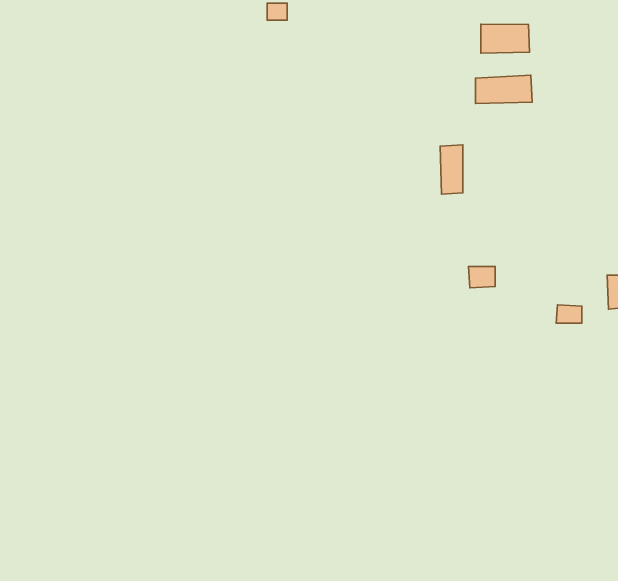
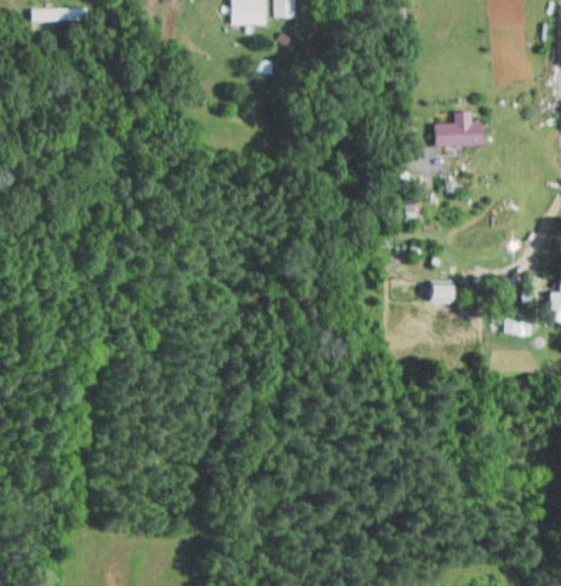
building: [481,24,530,53] -> none

